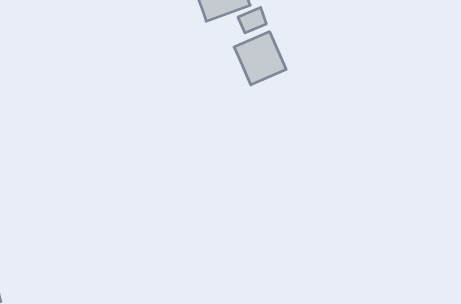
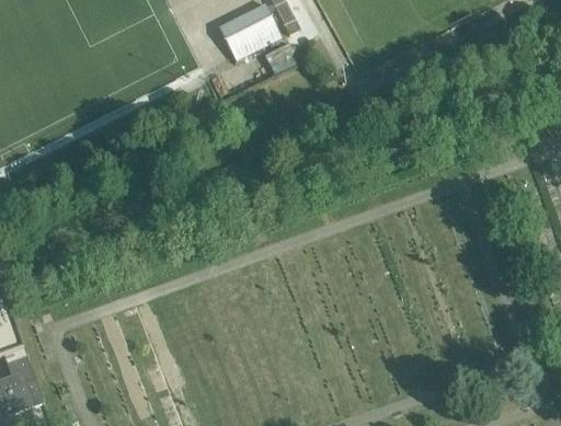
building: [234,32,286,85] -> none

